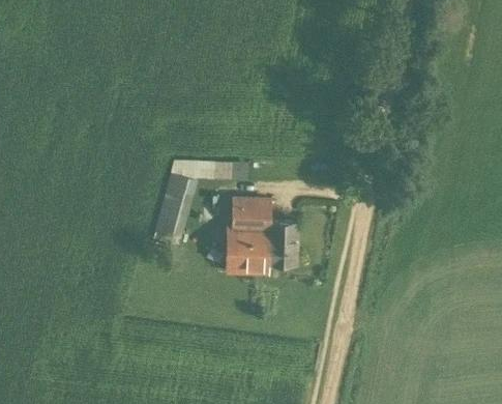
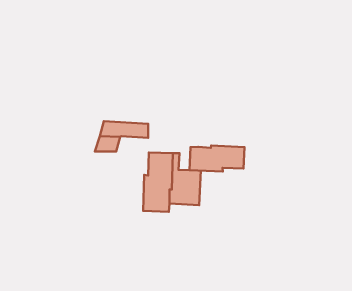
building: none -> [190,146,244,172]
building: [153,198,190,239] -> none

